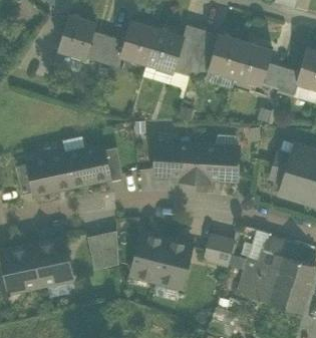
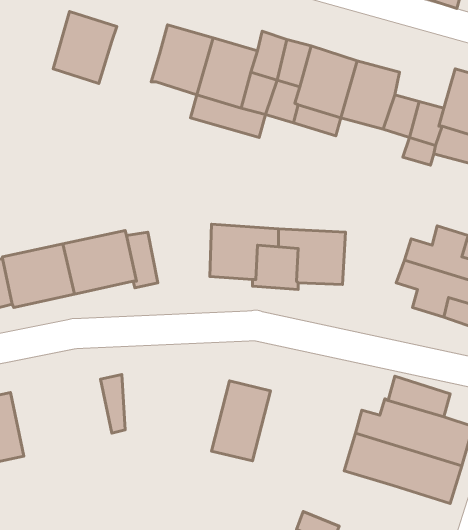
building: [86,30,123,65] -> none
building: [100,232,118,269] -> none
building: [130,233,167,282] -> none
building: [205,236,234,266] -> none
building: [32,239,71,285] -> none

